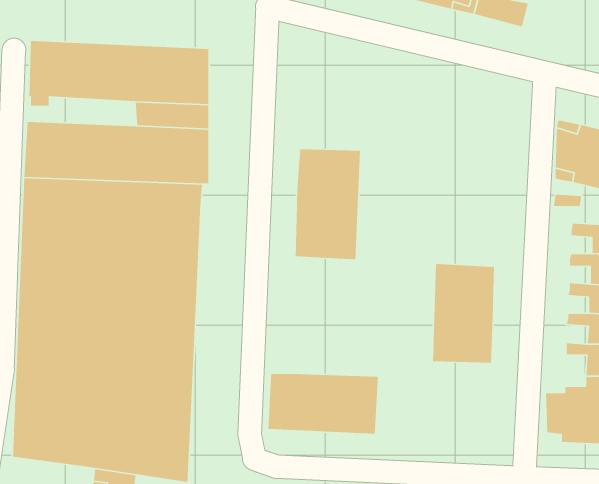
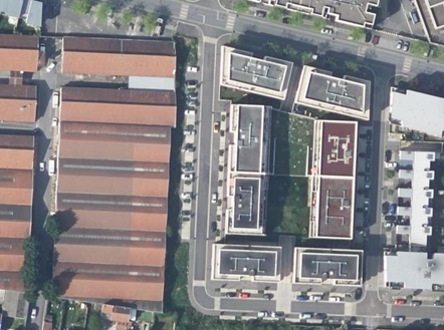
building: none -> [220,45,292,99]
building: none -> [294,65,369,119]
building: none -> [315,120,356,178]
building: none -> [225,172,266,235]
building: none -> [293,247,362,285]

